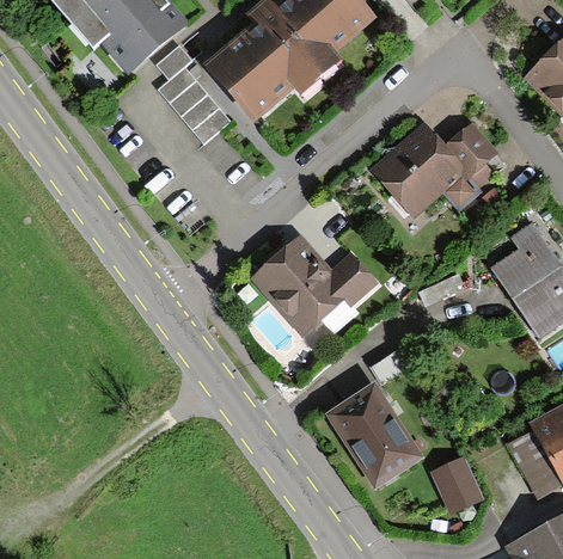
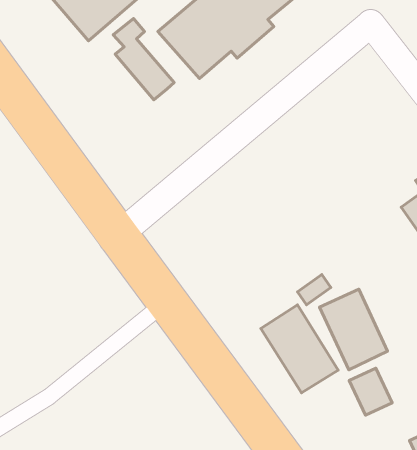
building: [373,124,496,216] -> none
building: [251,235,373,333] -> none
building: none -> [319,289,387,370]

